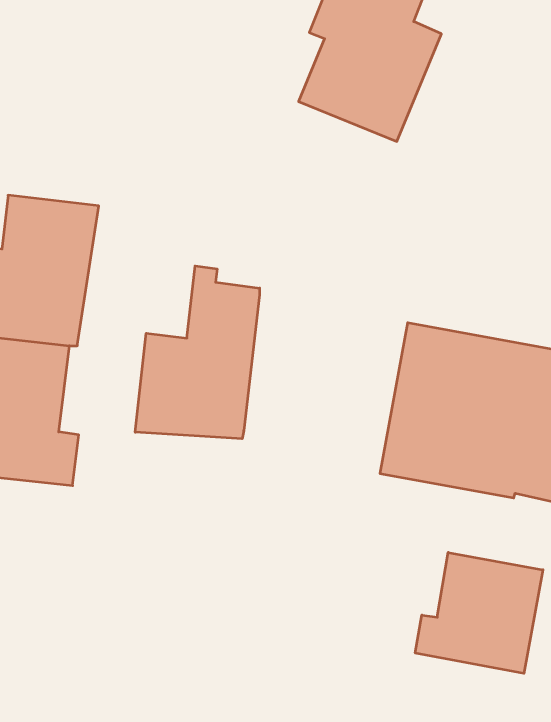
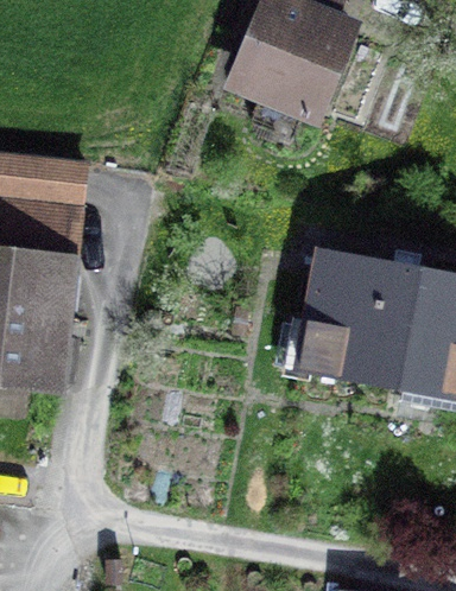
building: [135,266,260,439] -> none
building: [415,552,543,673] -> none

